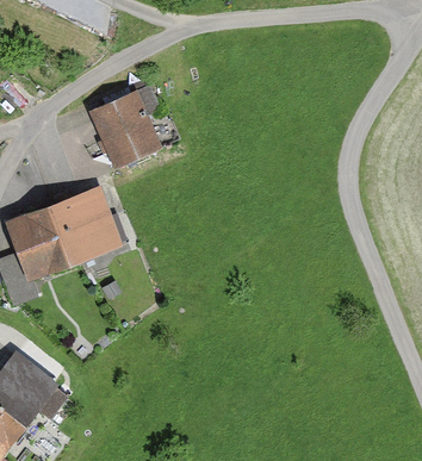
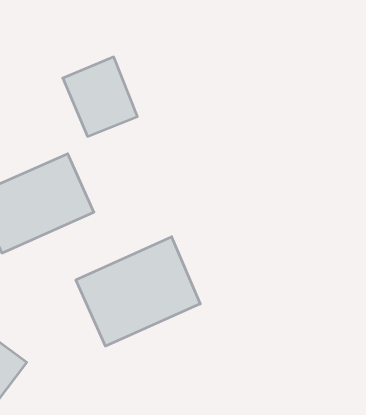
building: none -> [76,237,200,346]

